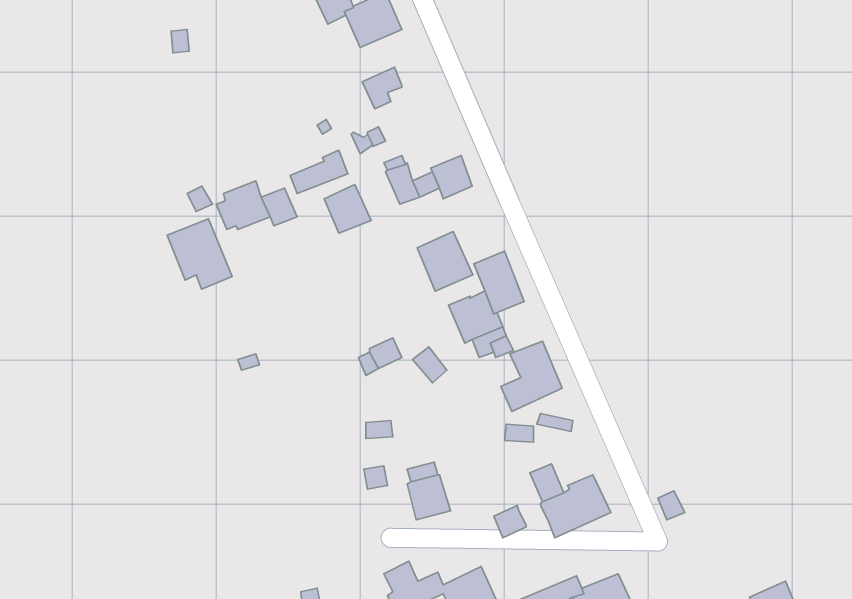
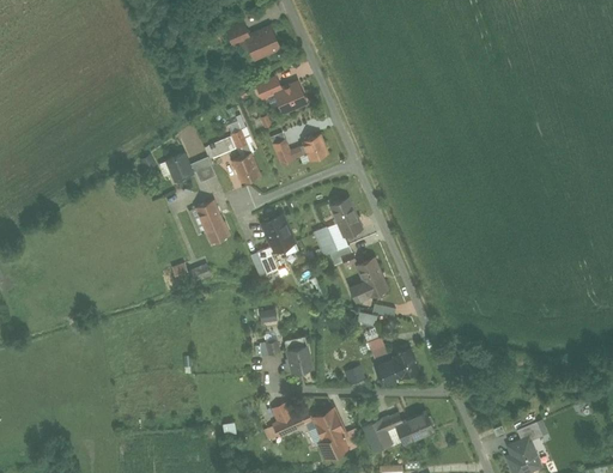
building: none -> [273,80,309,115]
building: [167,219,232,289] -> [187,200,230,247]
building: [417,232,473,291] -> [260,214,297,254]

